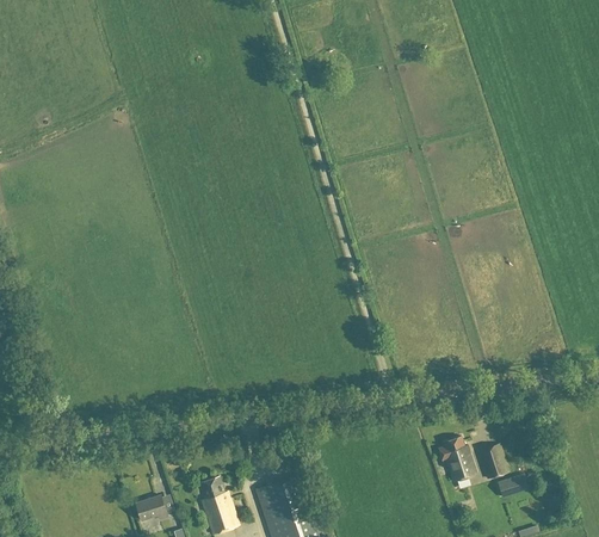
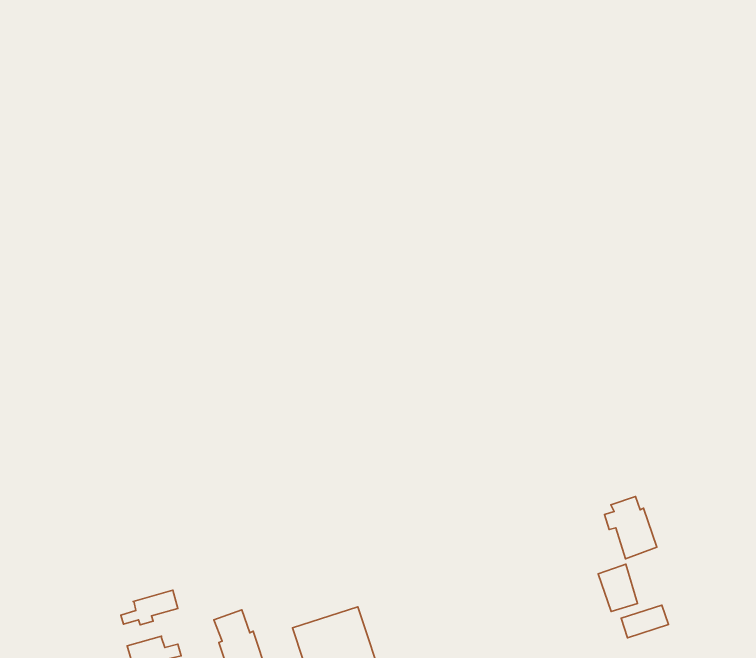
building: [438,438,476,483] -> [604,497,657,559]
building: none -> [121,590,178,625]

